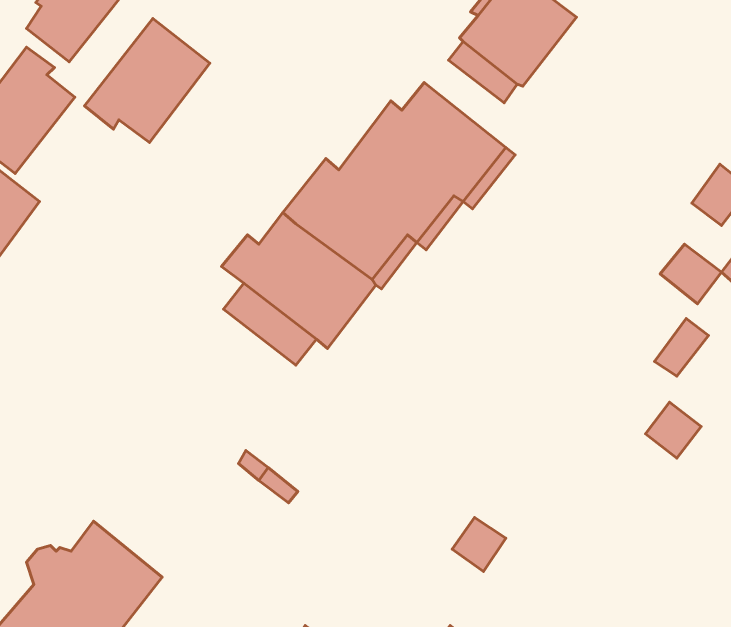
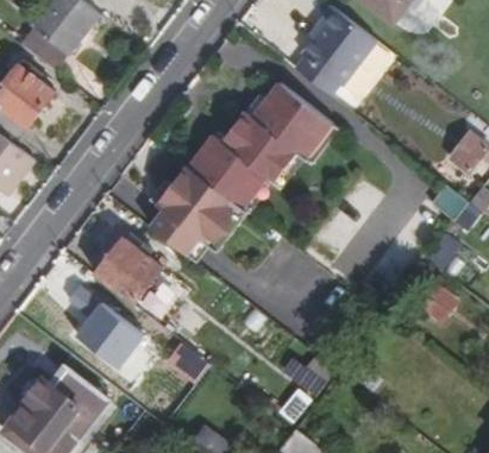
building: [85,19,210,143] -> none
building: none -> [96,239,162,306]
building: none -> [68,285,143,369]

